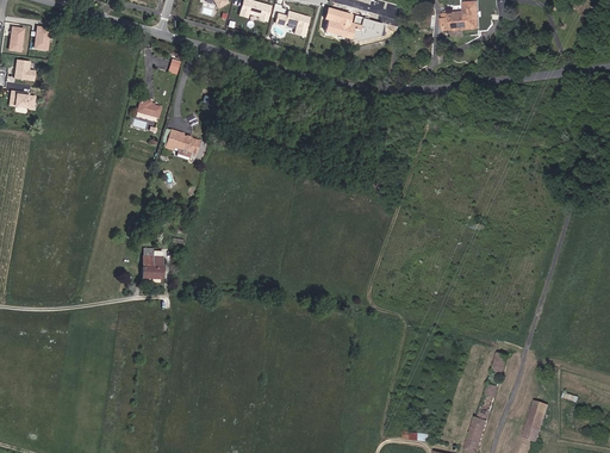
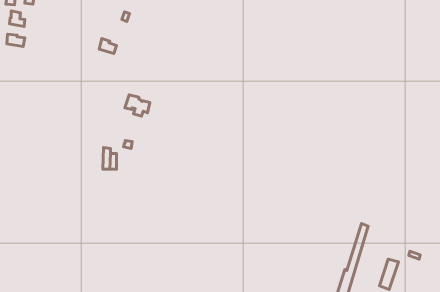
building: [164,129,199,159] -> [125,95,150,116]

